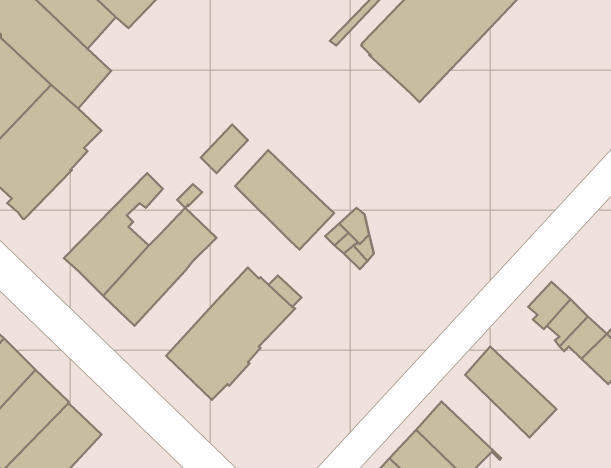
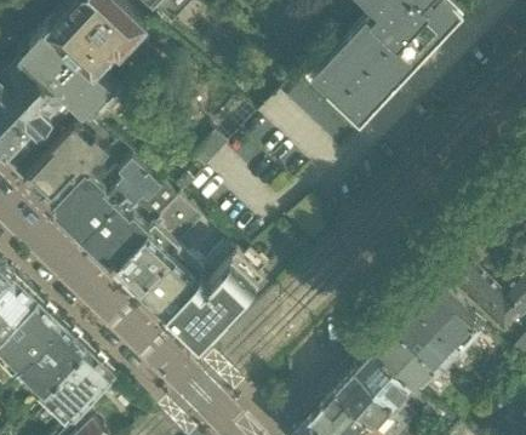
building: [235,150,334,249] -> none
building: none -> [52,159,147,240]
building: none -> [137,250,200,315]
building: none -> [411,286,482,356]
building: none -> [373,330,441,394]

